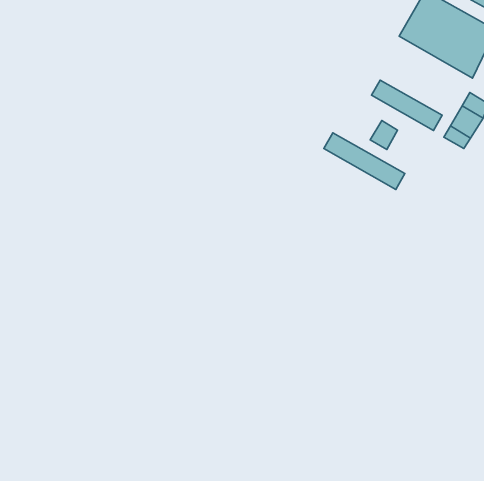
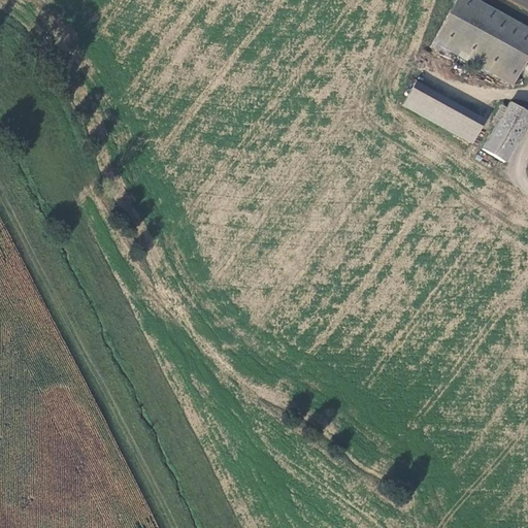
building: [370,120,398,149] -> none
building: [324,133,405,189] -> none

